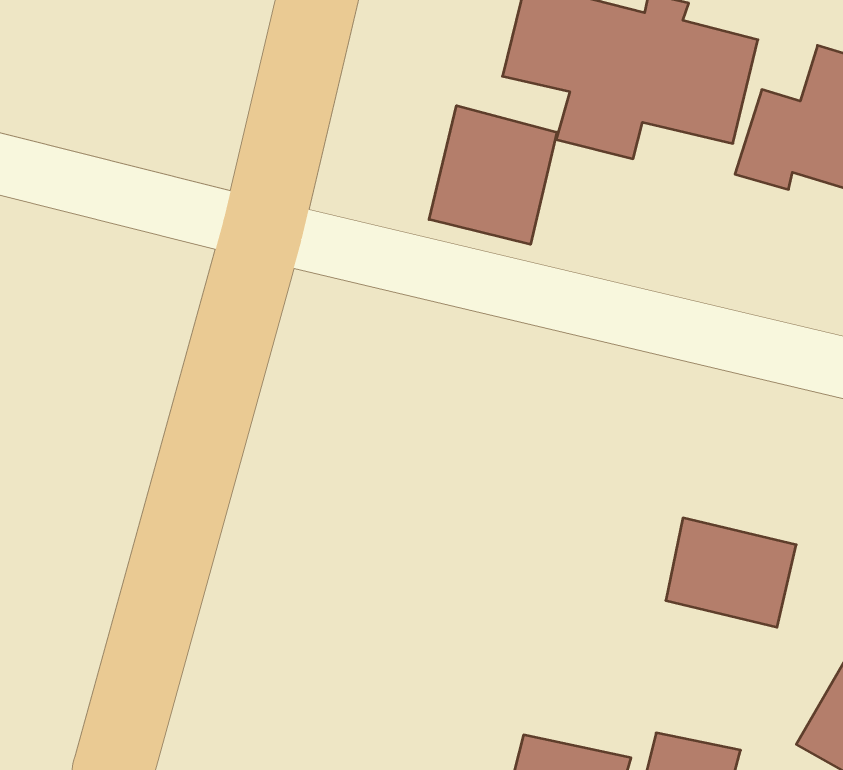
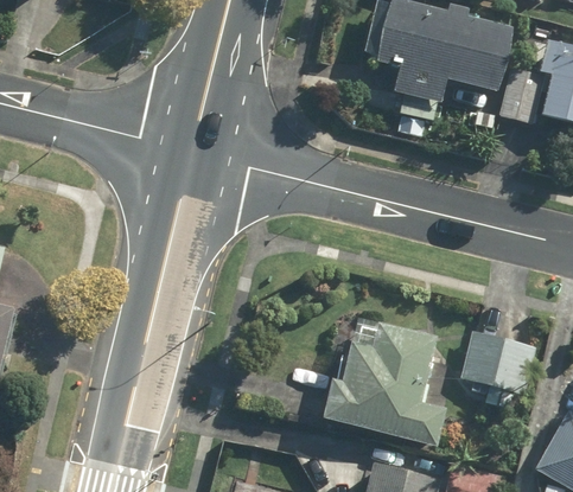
building: [429,106,557,244] -> none
building: none -> [314,317,446,442]

